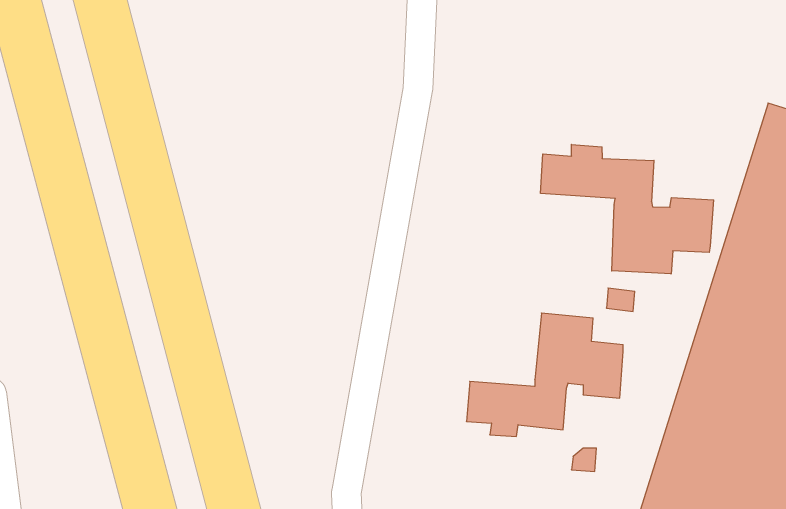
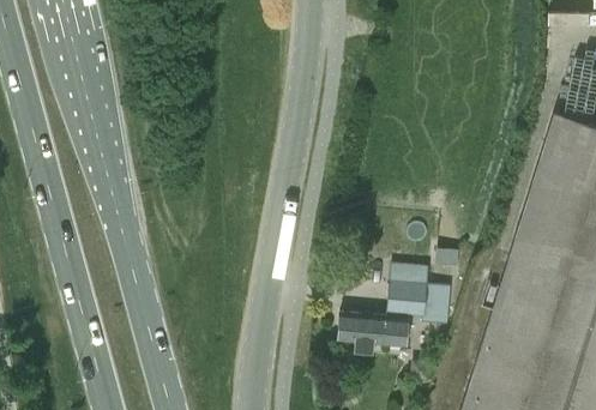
building: [541,144,714,274] -> none

